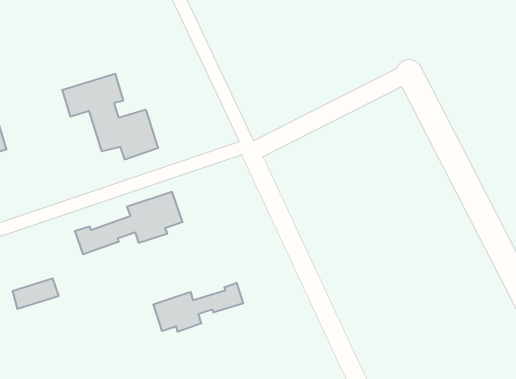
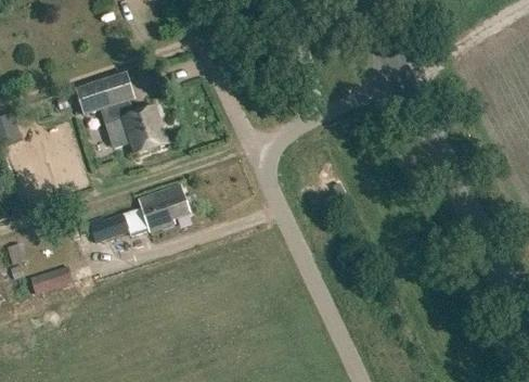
building: [153,283,243,332] -> none

